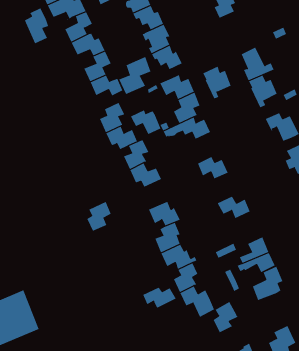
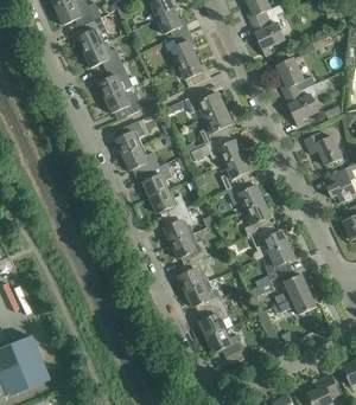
building: [24,7,49,44] -> none
building: [118,56,151,95] -> none
building: [202,66,232,99] -> [252,17,285,54]
building: [130,110,161,135] -> none
building: none -> [220,154,249,189]
building: none -> [243,200,269,236]
building: [86,201,111,231] -> [164,207,192,242]
building: none -> [265,244,294,279]
building: [252,266,283,301] -> none
building: [142,287,177,308] -> none
building: [213,301,238,333] -> none

